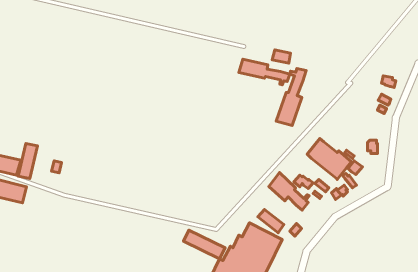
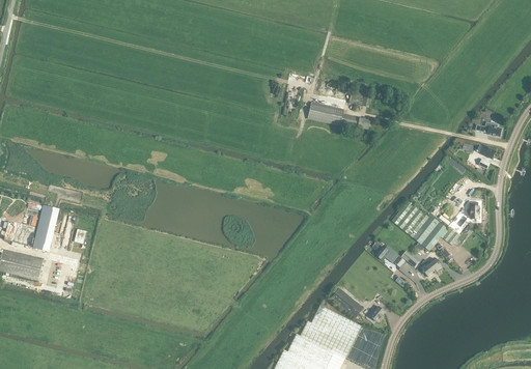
building: [276,68,306,125] -> none
building: [269,173,309,210] -> none
building: [183,230,225,259] -> none

